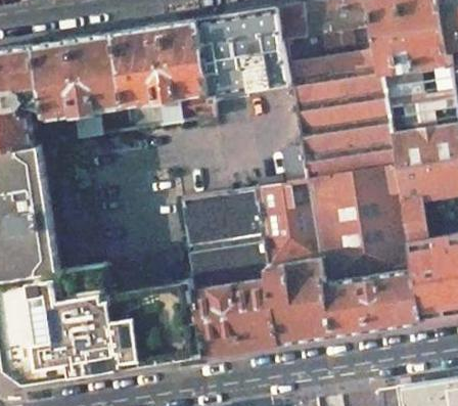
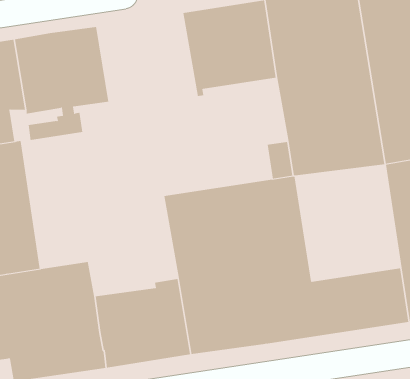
building: [112,20,213,132] -> none
building: [307,169,410,283] -> none

